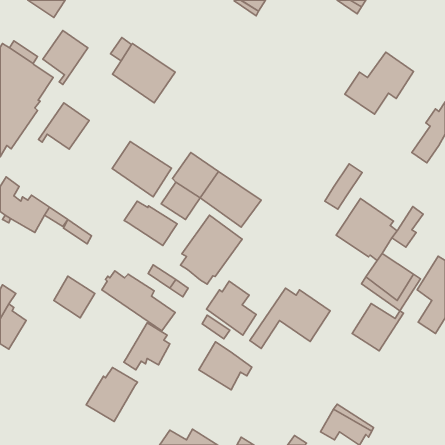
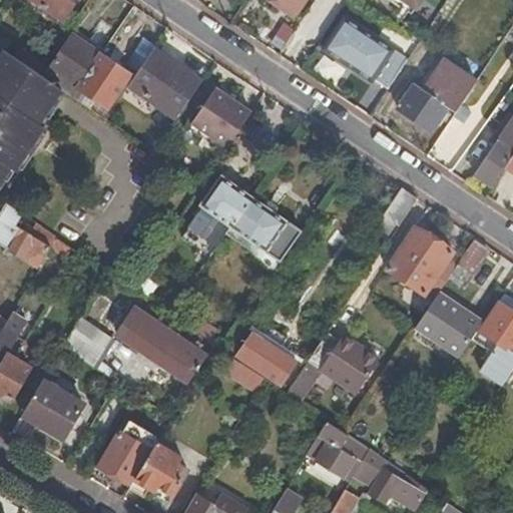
building: none -> [326,16,409,88]
building: none -> [192,87,251,146]
building: [39,103,89,149] -> [72,55,130,108]
building: [112,141,171,197] -> none
building: [124,201,177,246] -> none
building: [181,215,242,284] -> none
building: [352,304,404,351] -> none
building: [124,323,170,370] -> [128,444,181,498]
building: none -> [22,380,83,438]
building: [199,342,252,390] -> [308,423,369,478]

